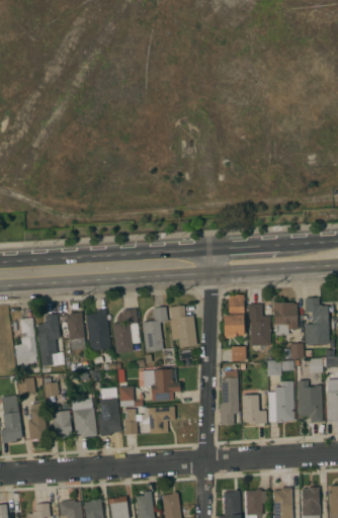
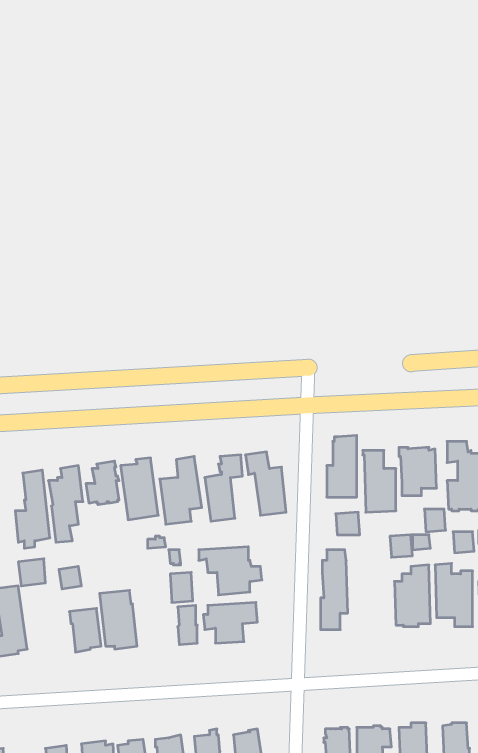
building: [97,387,120,436] -> none
building: [242,396,266,425] -> none
building: [27,403,47,441] -> none

